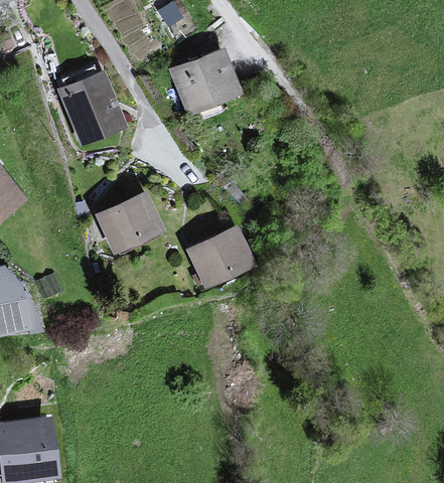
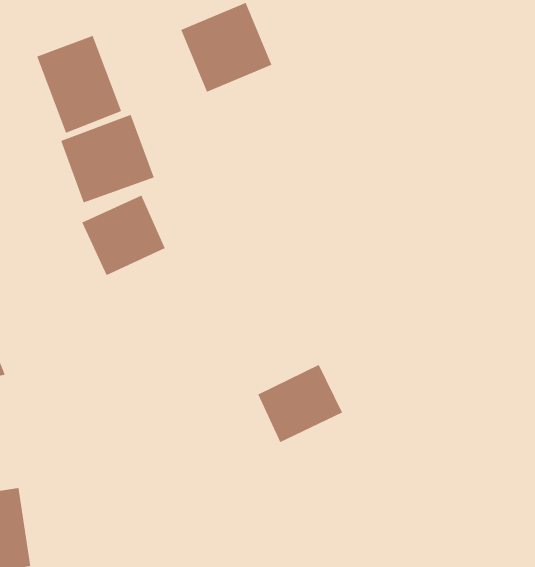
building: none -> [60,114,155,204]
building: [183,226,249,287] -> [257,364,343,443]

